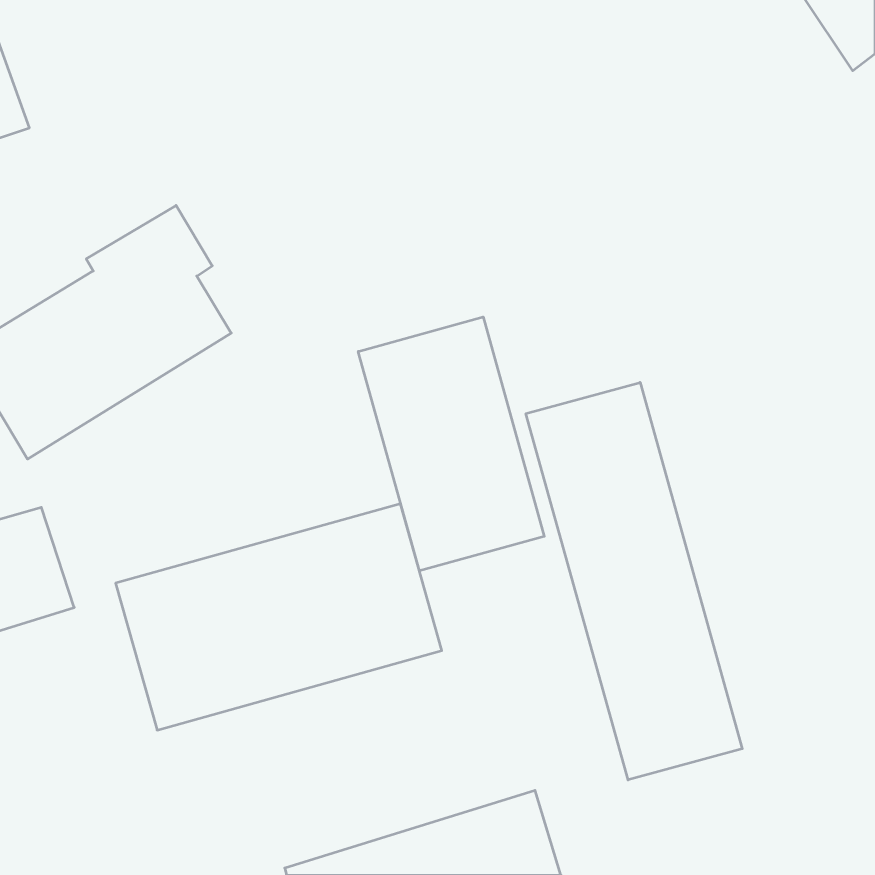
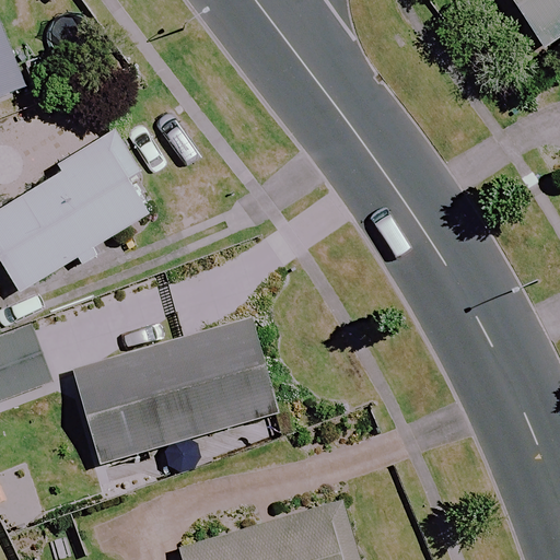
building: [358,317,544,571] -> none
building: [526,382,742,780] -> none

